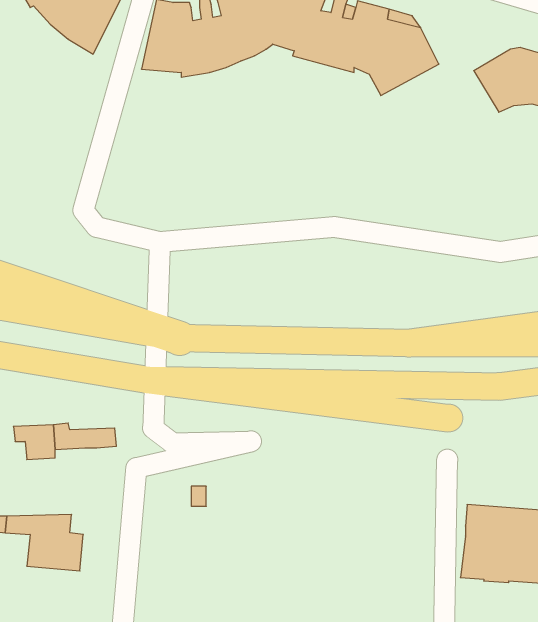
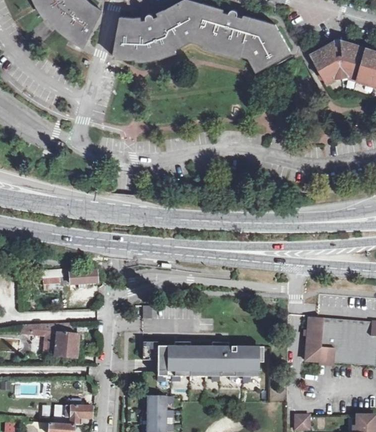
building: none -> [142,343,258,378]

